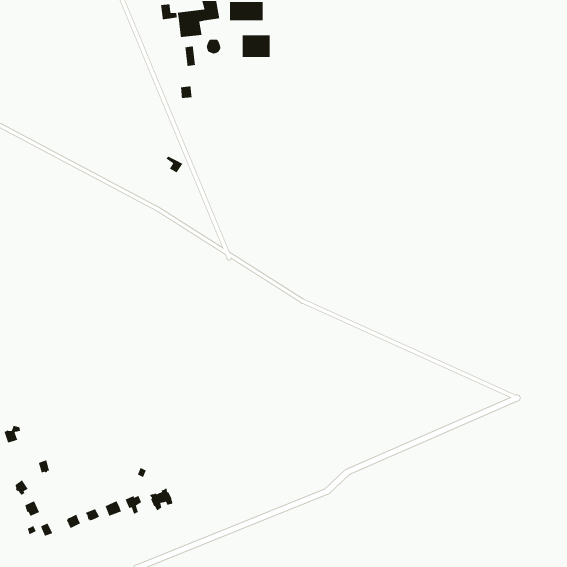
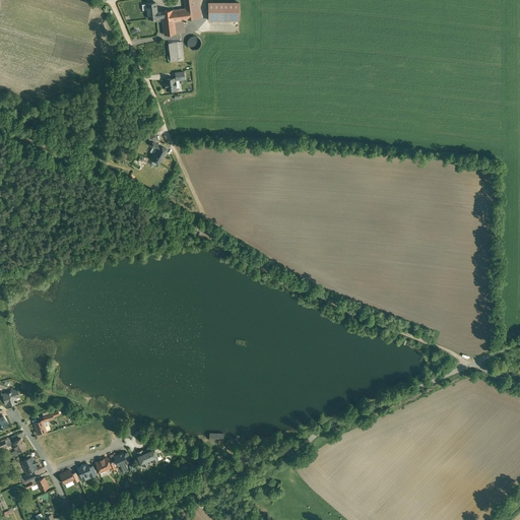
building: [242,34,271,58] -> none

